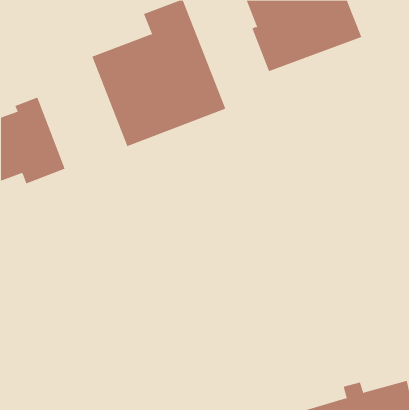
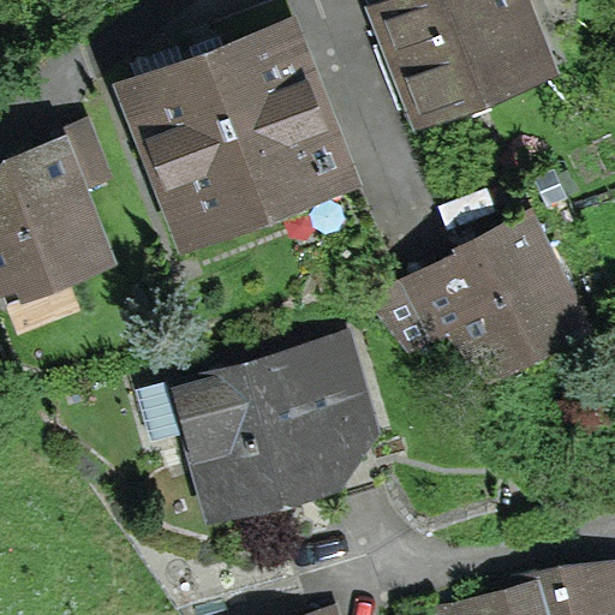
building: none -> [416,223,579,351]
building: none -> [187,350,366,502]

